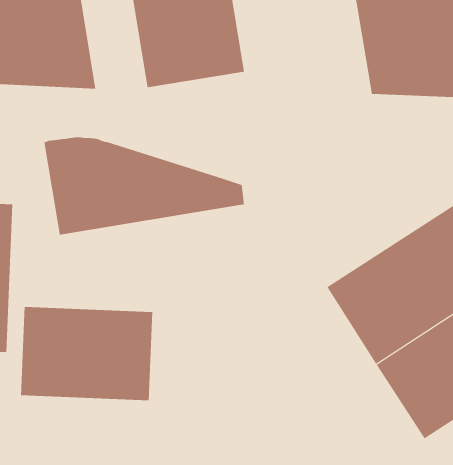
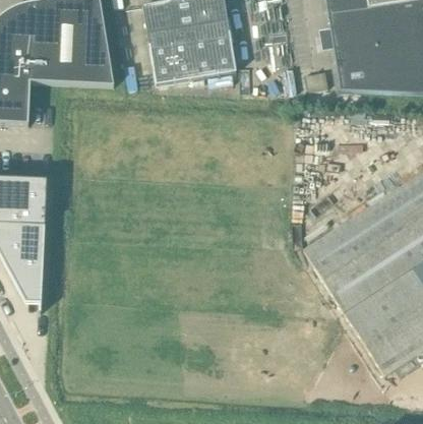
building: [44,136,244,235] -> none
building: [20,306,153,401] -> none

